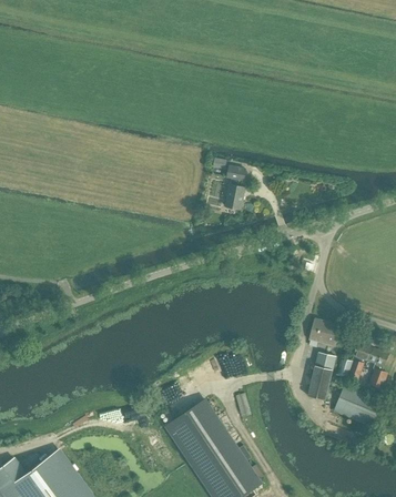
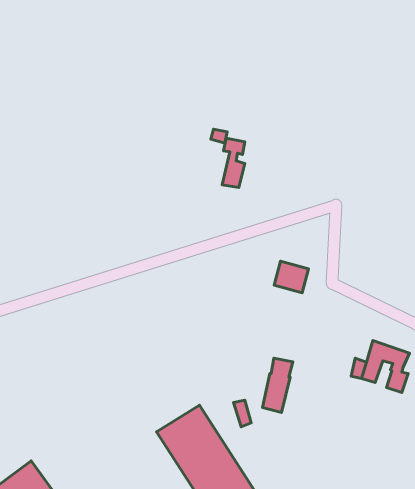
building: [309,318,339,346] -> [274,261,308,293]
building: [308,353,335,400] -> [262,358,293,413]
building: [334,386,385,427] -> none

